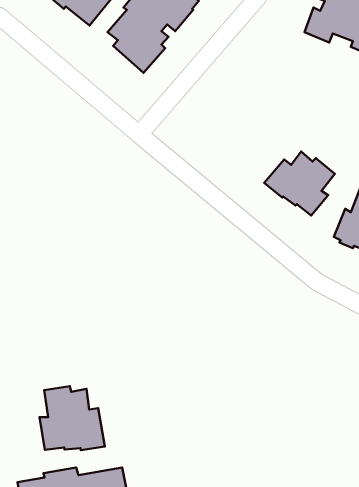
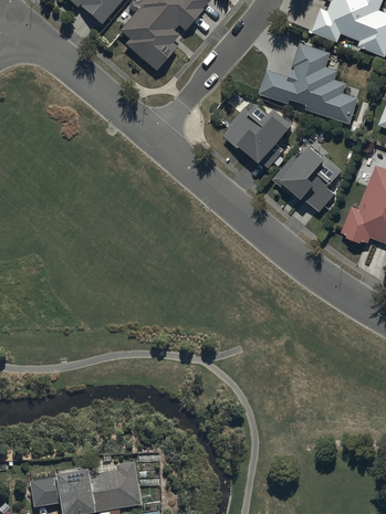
building: none -> [258,43,357,124]
building: none -> [222,104,293,167]
building: [40,386,105,450] -> none

